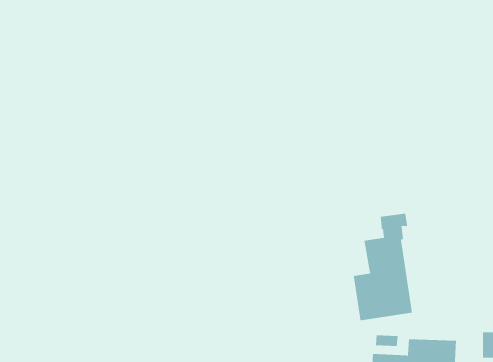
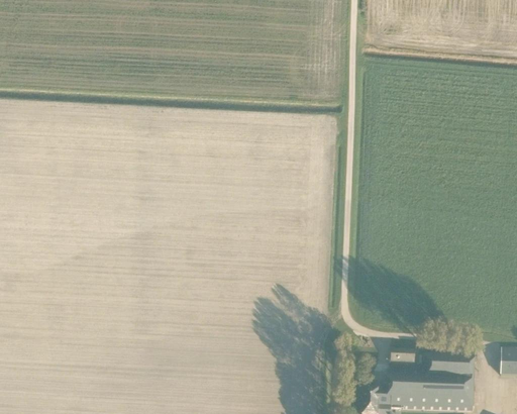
building: [353,213,413,321] -> none

